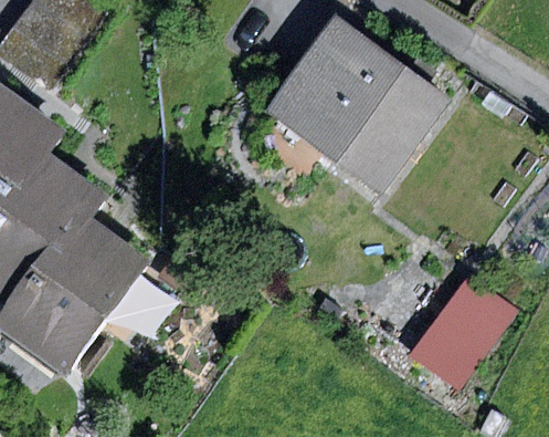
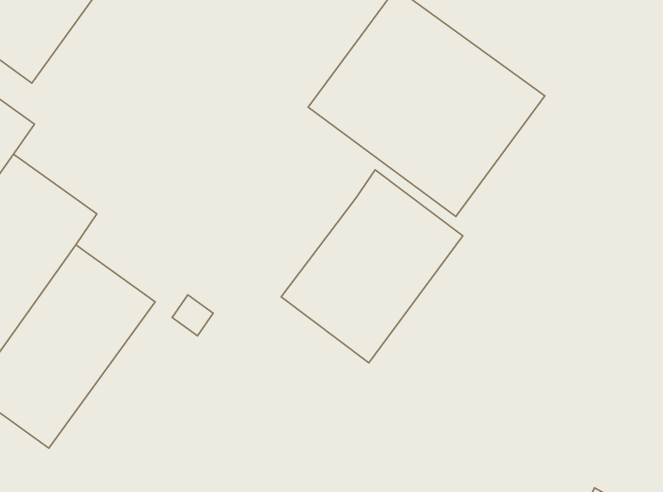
building: none -> [281,170,463,363]
building: [411,271,519,387] -> none

